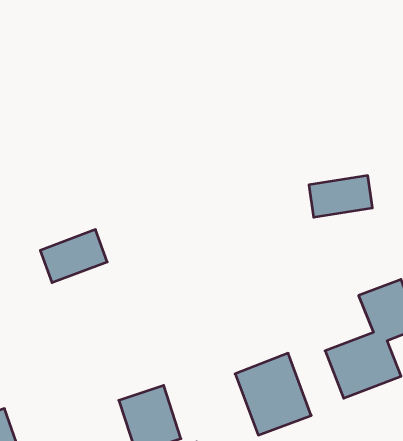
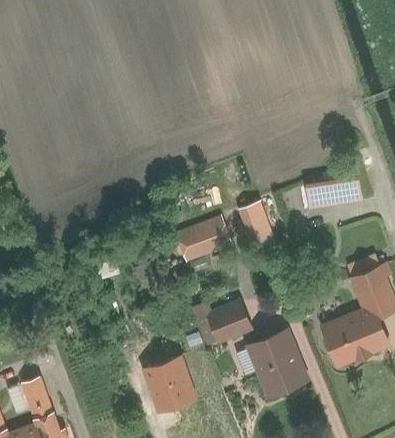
building: none -> [240,202,270,238]
building: [40,230,107,283] -> [176,215,234,261]
building: none -> [194,300,252,347]

